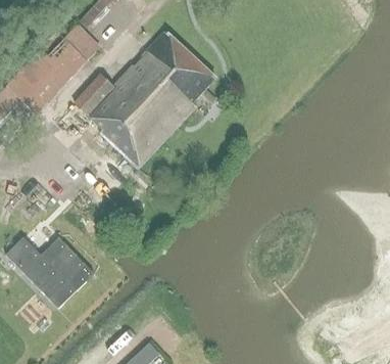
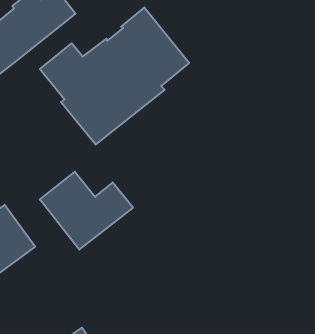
building: none -> [40,172,133,250]

